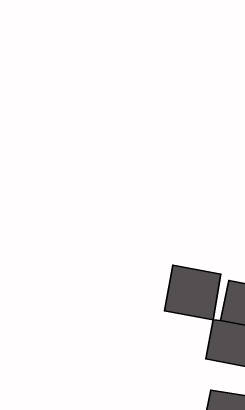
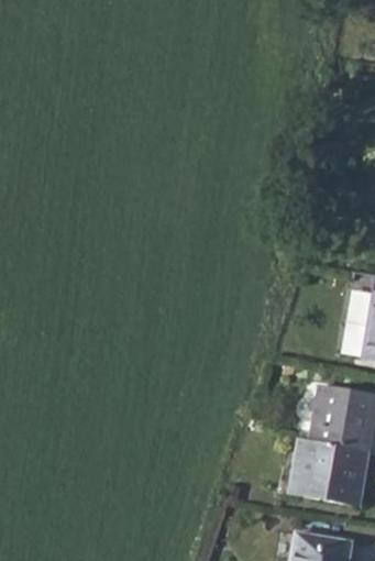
building: [164,265,221,320] -> none

